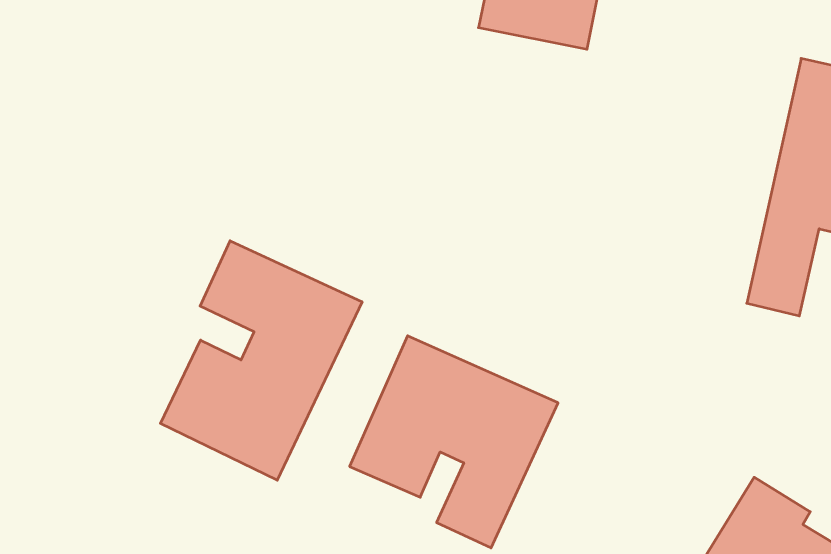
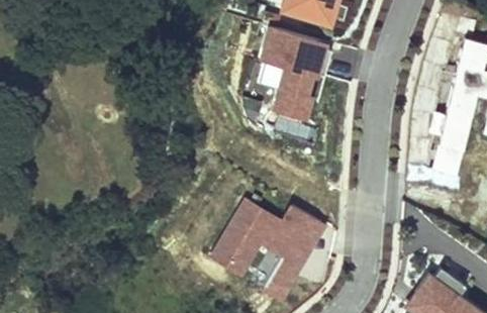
building: none -> [258,27,329,121]
building: [160,241,362,480] -> none

